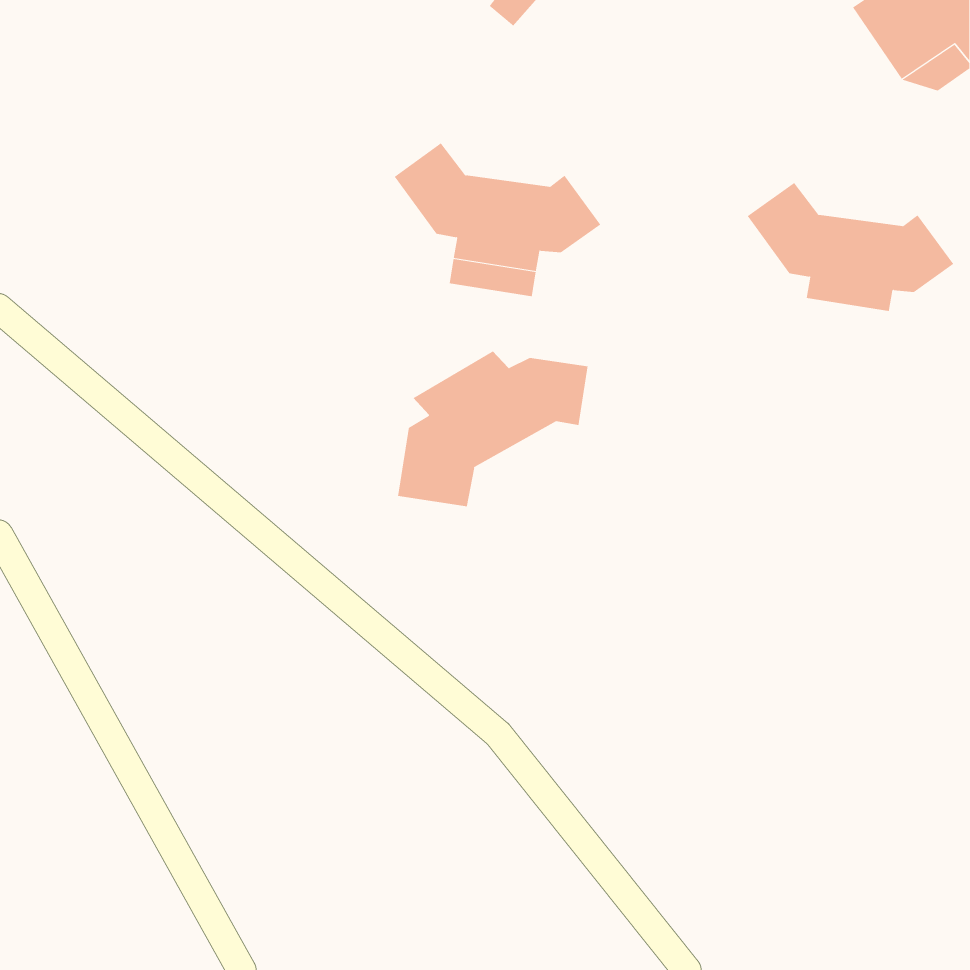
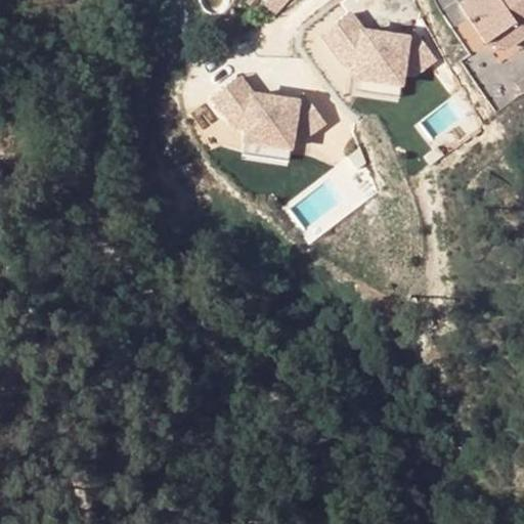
building: [747,182,954,311] -> [322,13,434,83]
building: [398,350,588,507] -> none

